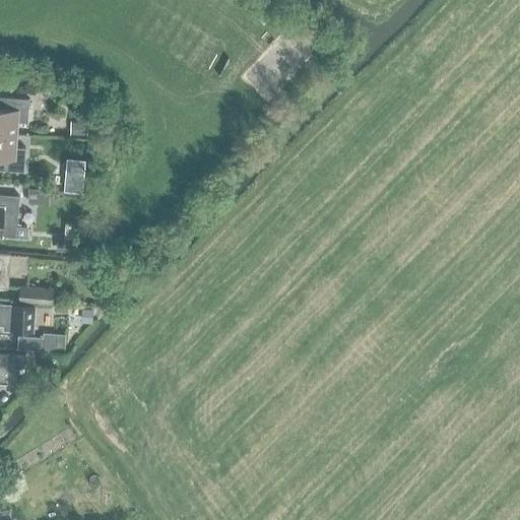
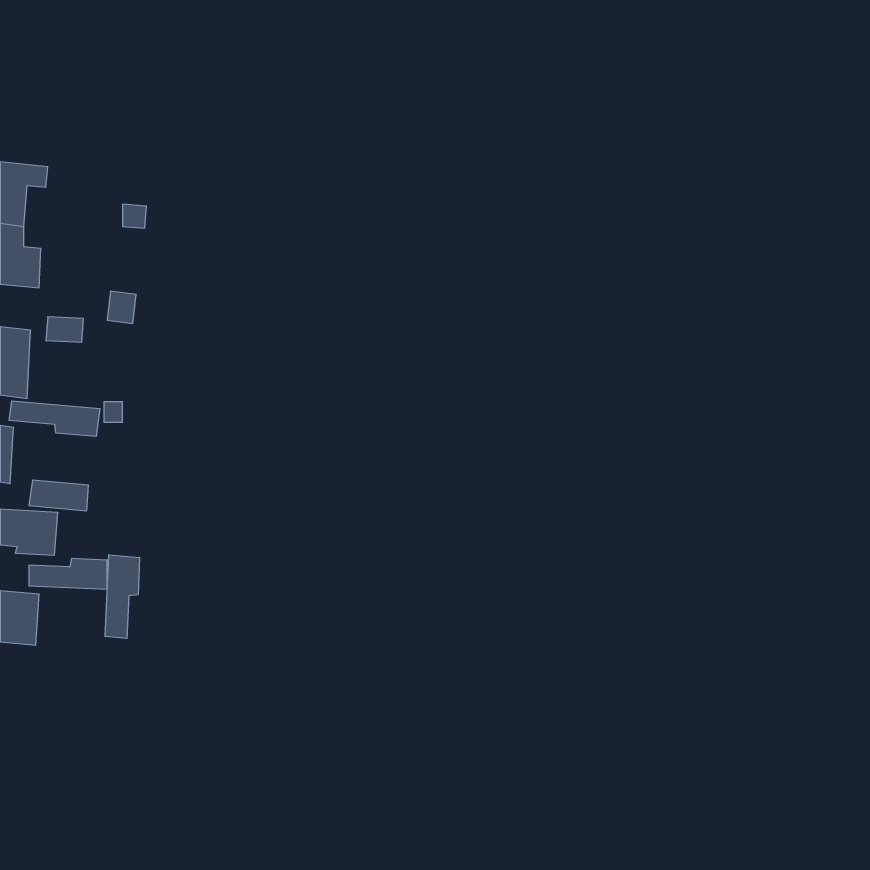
building: none -> [9,401,100,436]
building: none -> [105,555,140,638]

